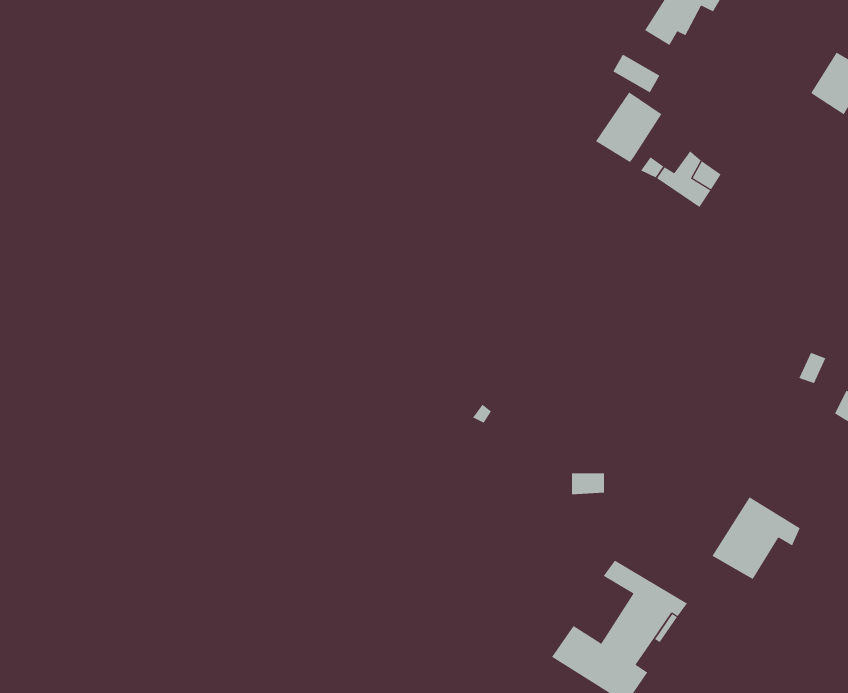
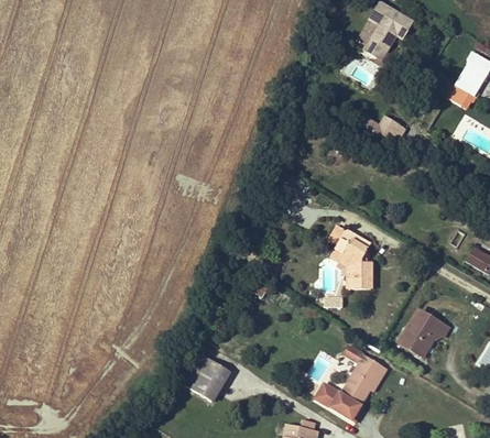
building: [595,91,662,163] -> none
building: none -> [331,228,373,288]
building: none -> [186,355,230,401]

